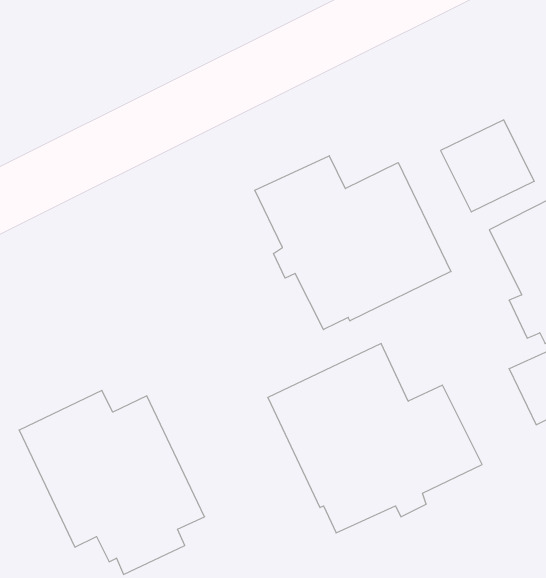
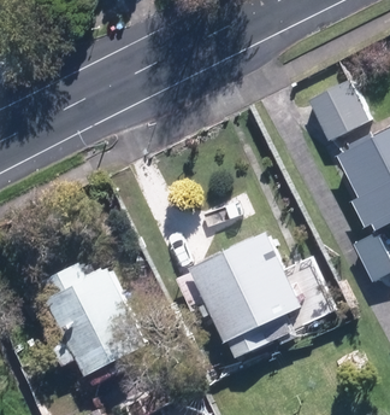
building: [255,156,451,330] -> none

